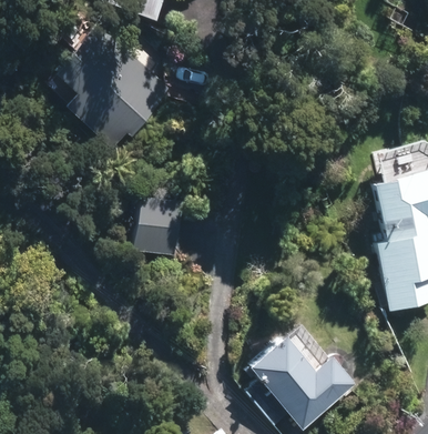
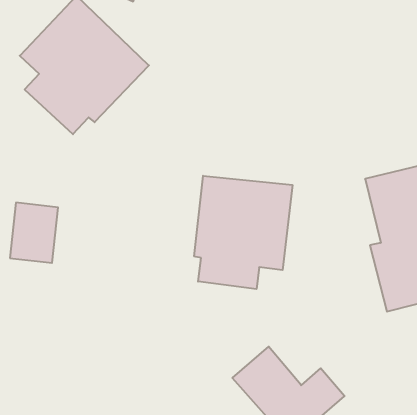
building: none -> [194,176,292,289]
building: [133,195,177,251] -> [10,203,58,263]

